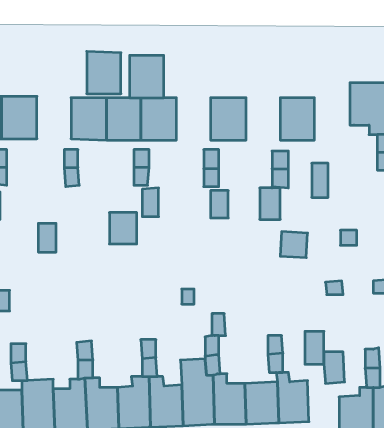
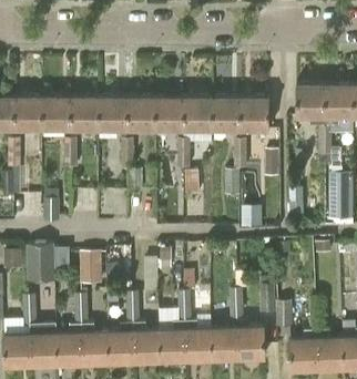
building: [87,51,121,94] -> [43,95,71,130]
building: [130,55,164,98] -> [156,96,184,131]
building: none -> [213,96,241,131]
building: none -> [27,245,57,283]
building: none -> [81,252,102,285]

